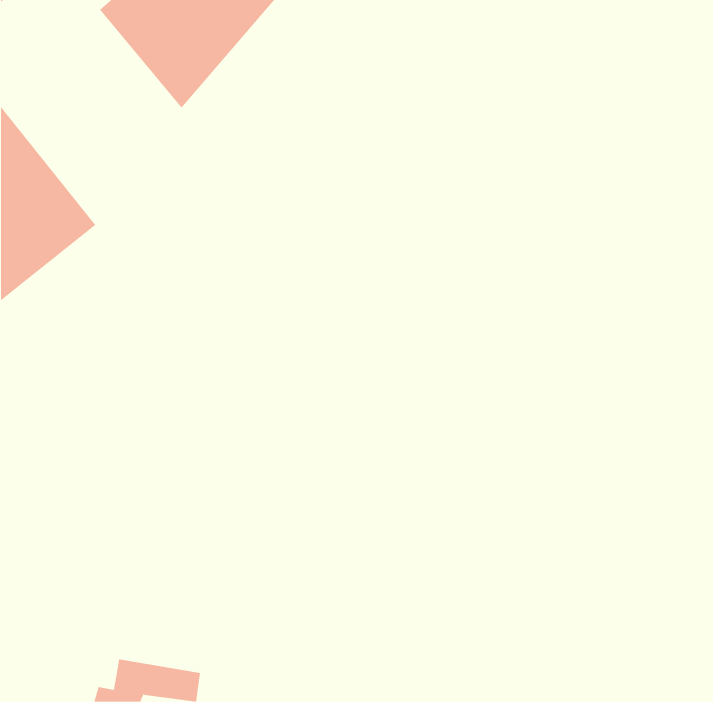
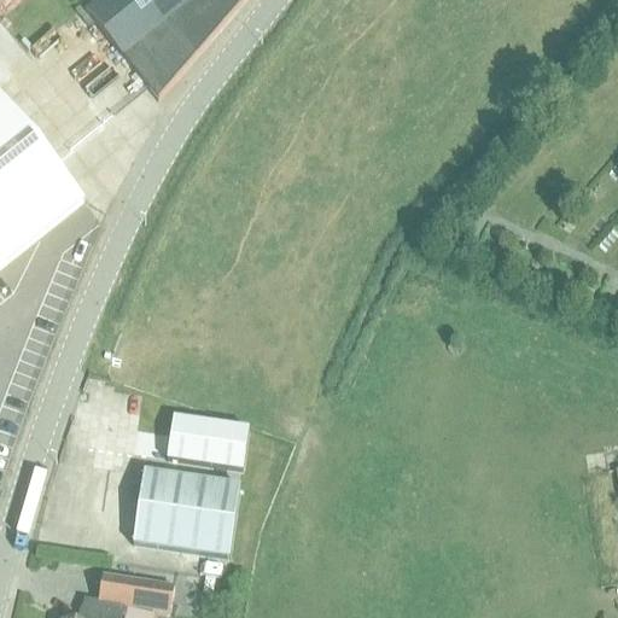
building: none -> [167,413,247,466]
building: none -> [133,467,239,553]

